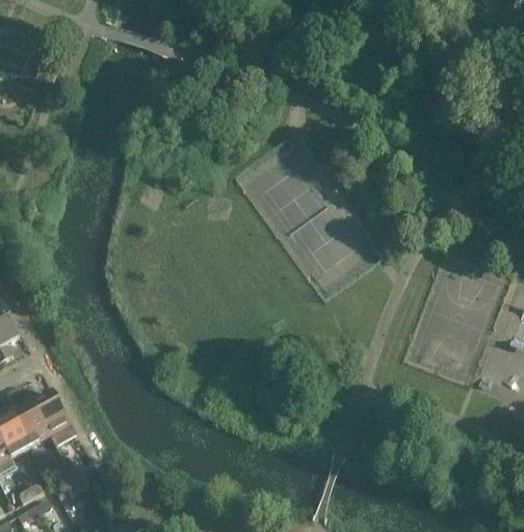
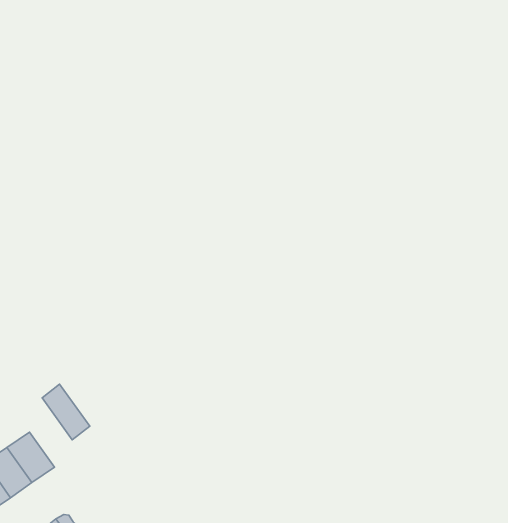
building: none -> [42,384,90,440]

